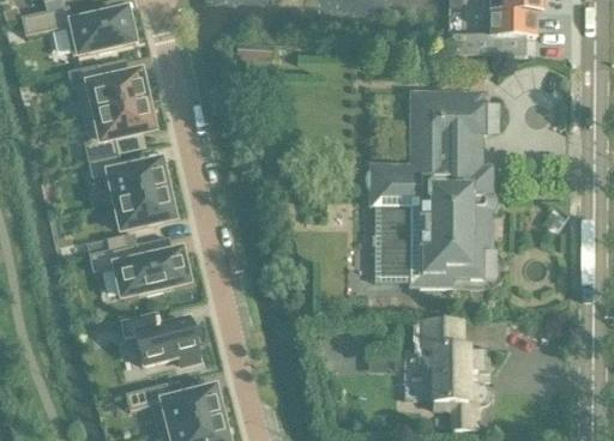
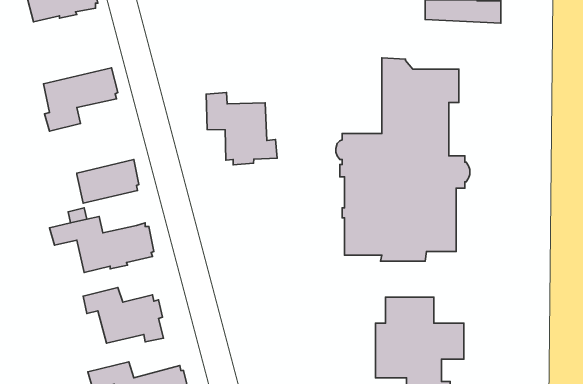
building: [68,62,149,113] -> none
building: none -> [206,93,277,165]
building: [89,151,170,201] -> none

